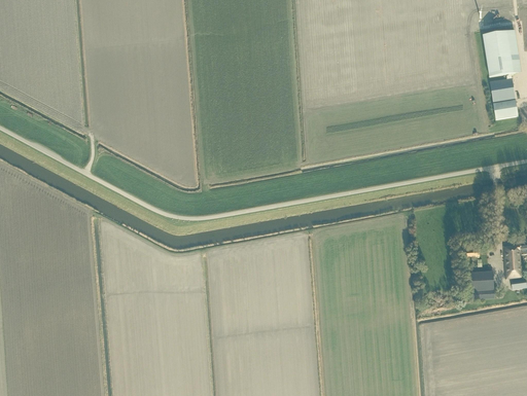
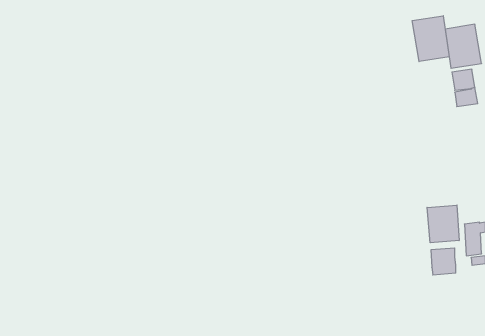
building: none -> [412,16,449,62]
building: none -> [427,205,459,243]

